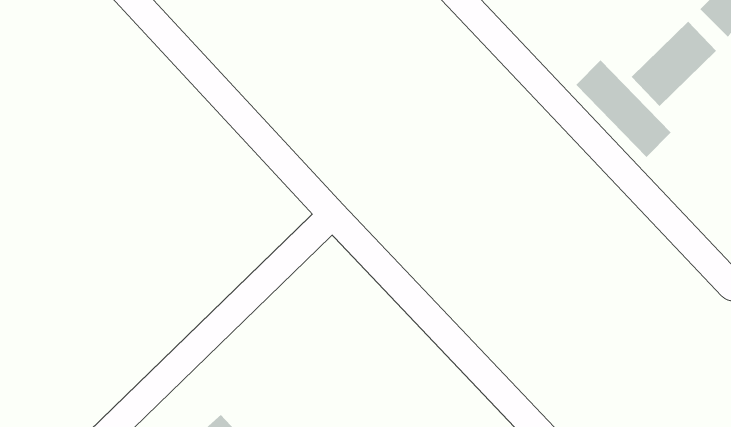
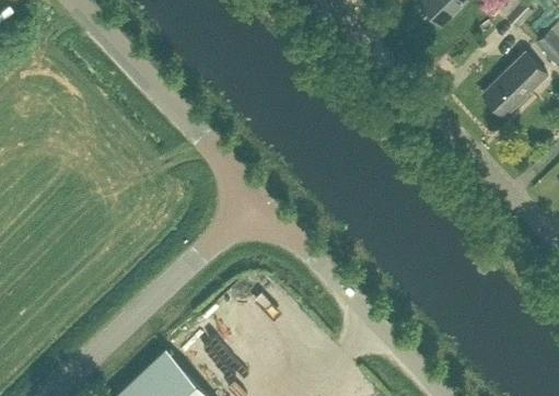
building: [576,60,671,158] -> none

